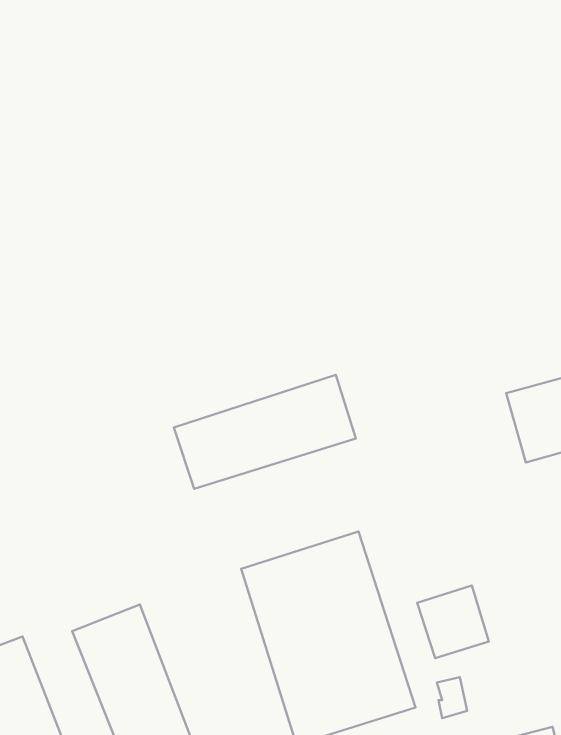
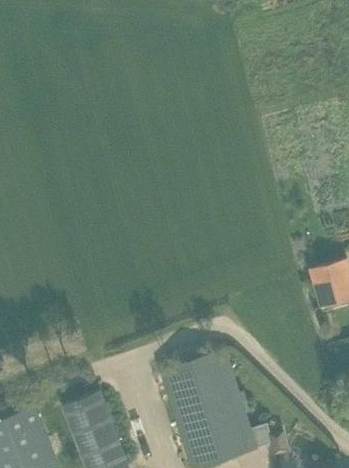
building: [174,375,356,489] -> none
building: [417,586,489,658] -> none

